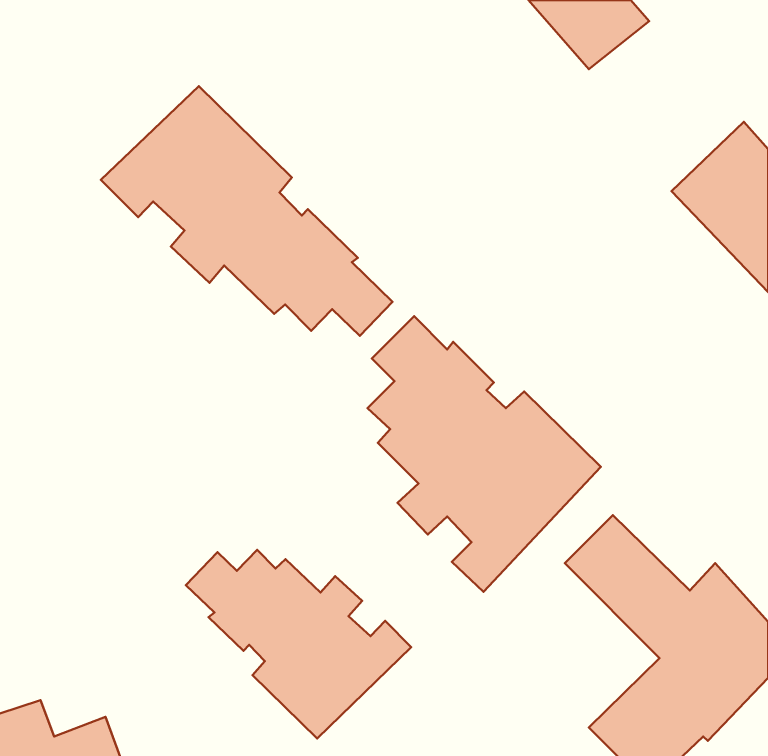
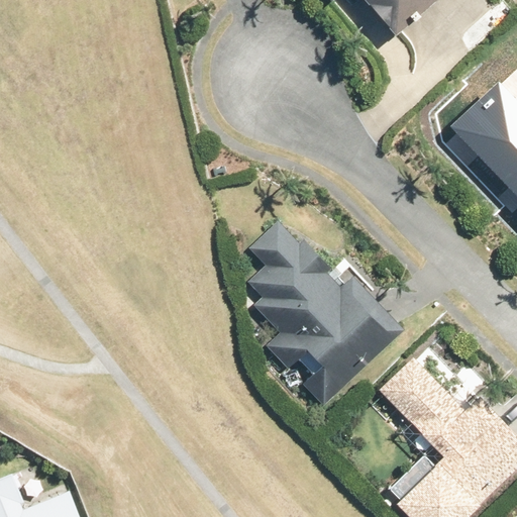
building: [101,86,392,336] -> none
building: [186,550,411,739] -> none

